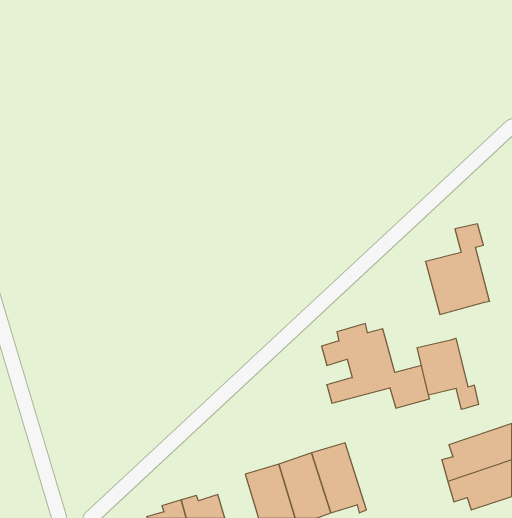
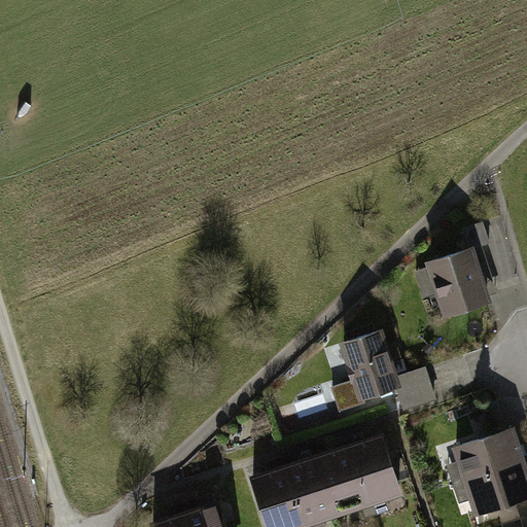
building: [417,338,478,409] -> none
building: none -> [349,437,402,516]

